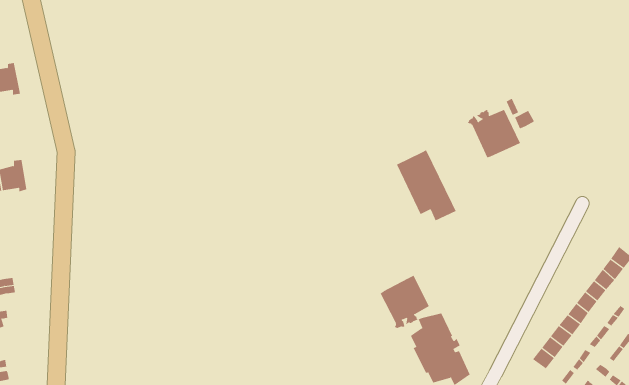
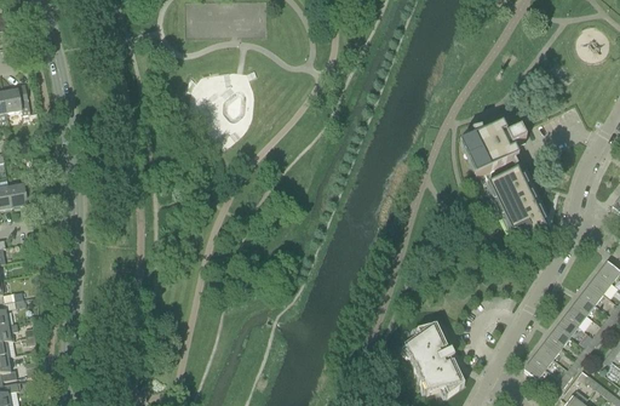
building: [396,150,457,221] -> [487,170,545,239]
building: [380,275,430,329] -> none

